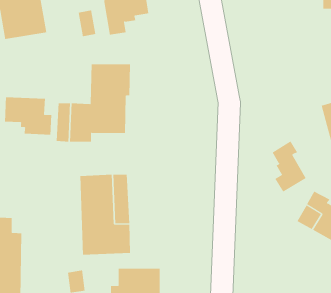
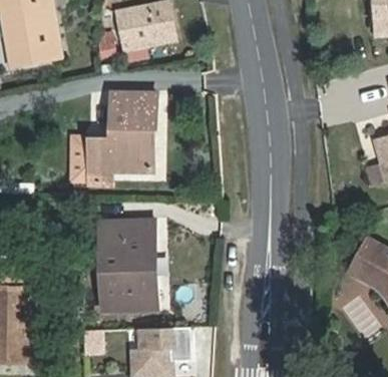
building: [4,97,52,135] -> none
building: [272,141,307,193] -> none

